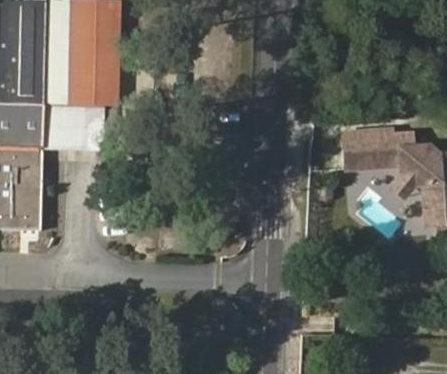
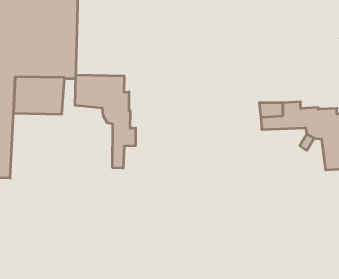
building: none -> [75,75,136,168]

